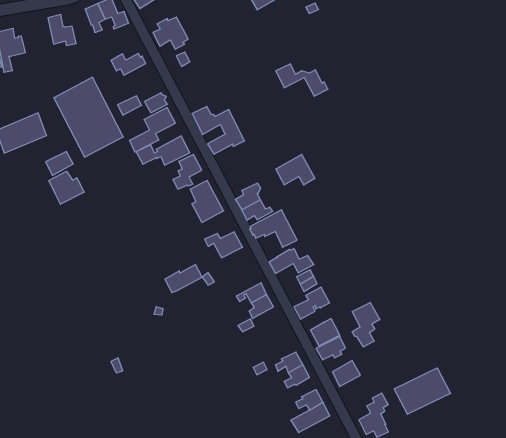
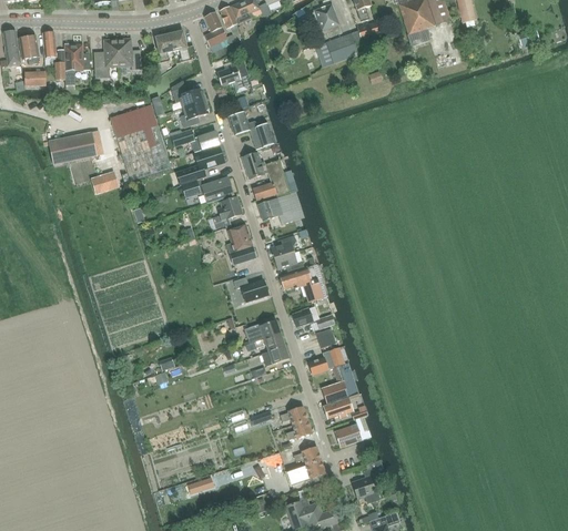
building: none -> [93,39,119,78]
building: none -> [180,100,209,127]
building: [276,64,328,96] -> [229,112,276,147]
building: [276,154,315,185] -> [257,194,294,224]
building: [49,171,84,204] -> none
building: [165,265,202,293] -> [244,319,281,343]
building: [352,302,380,347] -> none
building: [394,368,450,414] -> none

